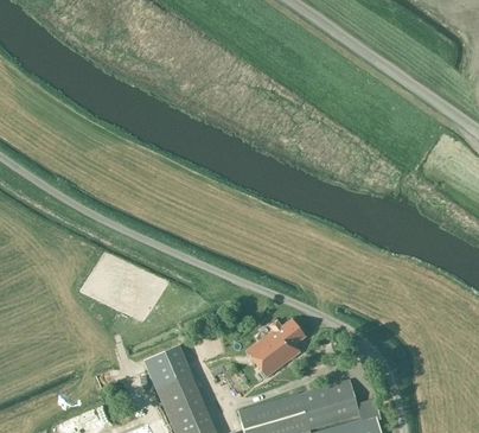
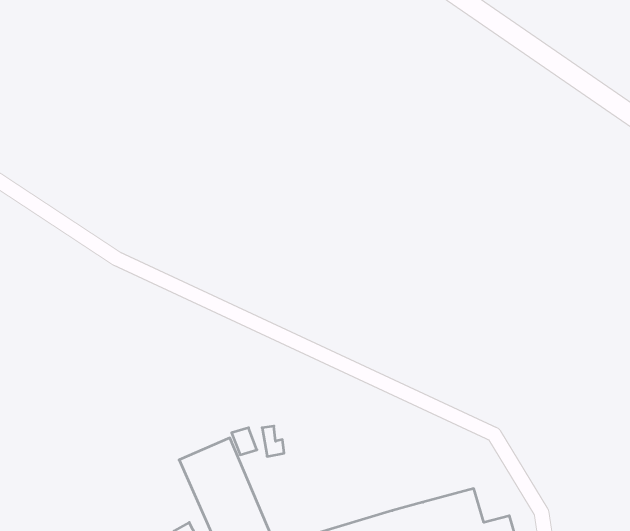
building: [247,320,305,377] -> none

